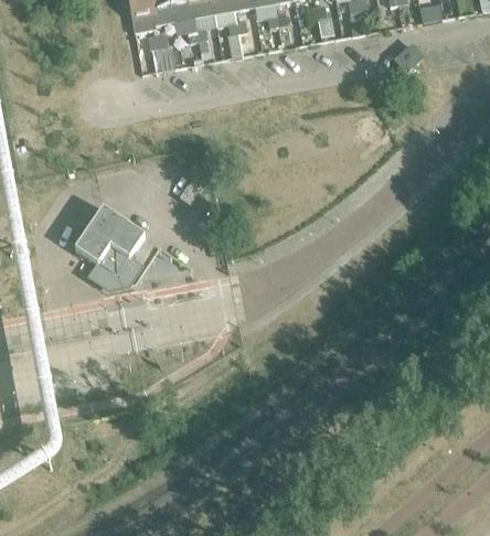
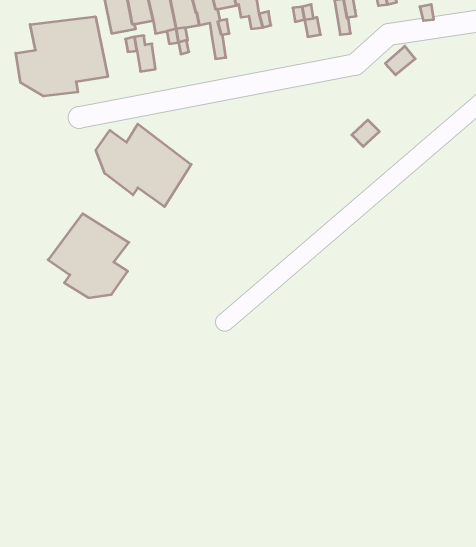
building: none -> [16,17,108,96]
building: none -> [96,124,191,207]

